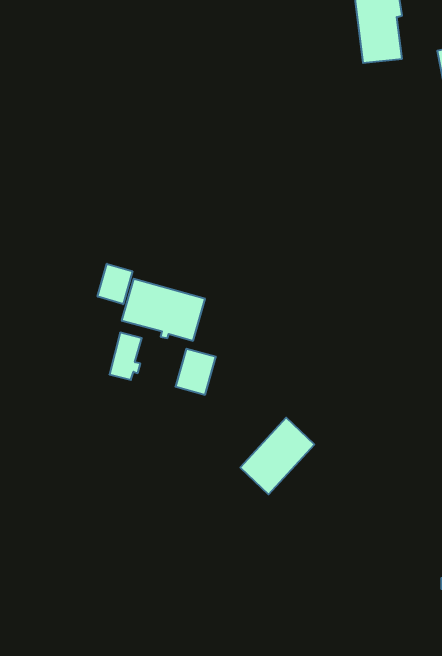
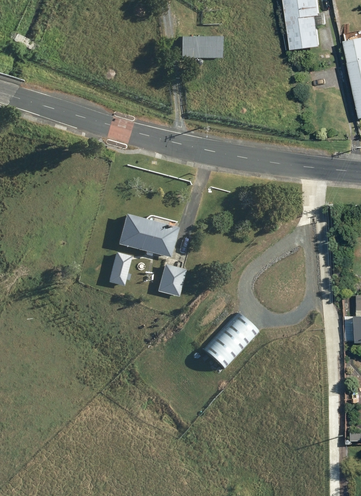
building: none -> [177,36,218,59]
building: [98,264,132,304] -> none

